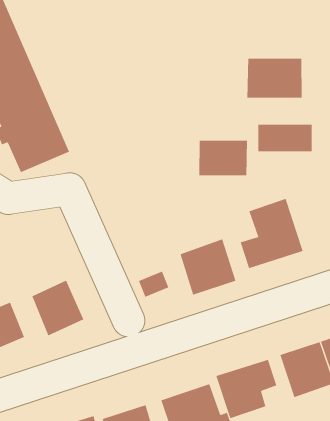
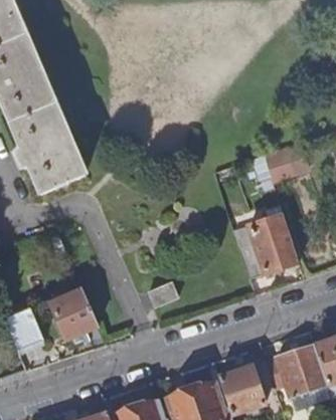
building: [247,58,302,98] -> none
building: [199,140,247,176] -> none
building: [180,239,236,296] -> none

